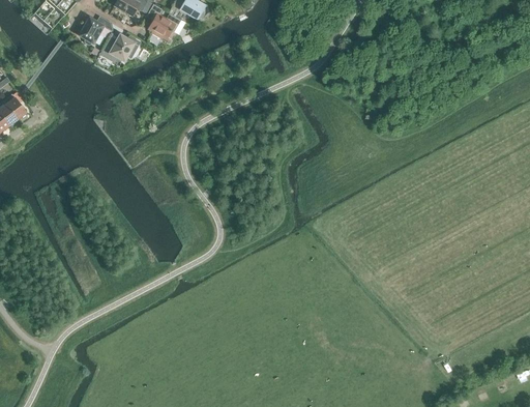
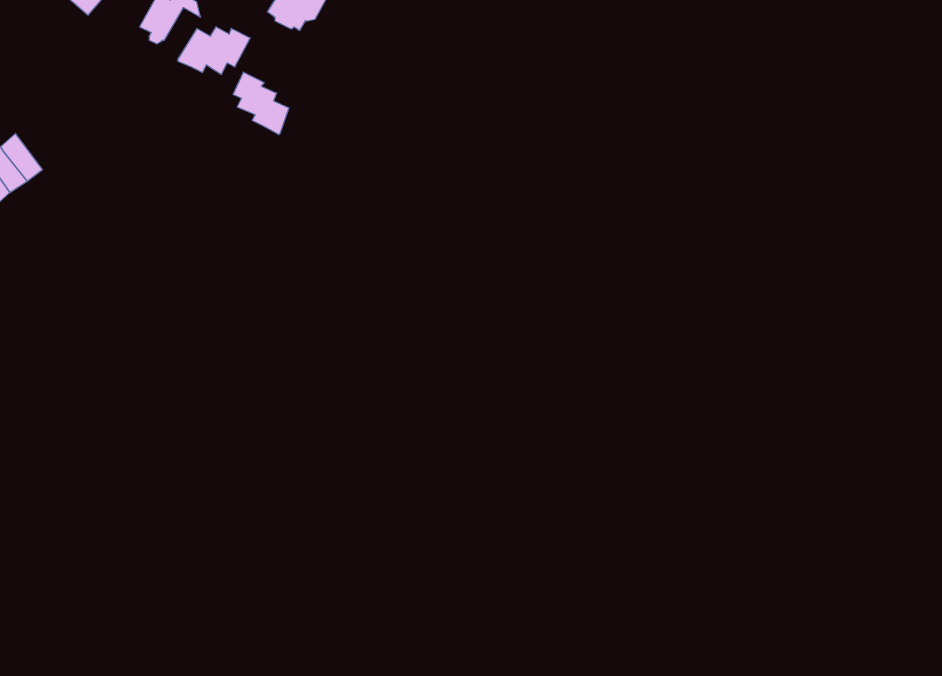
building: none -> [233,72,289,135]

